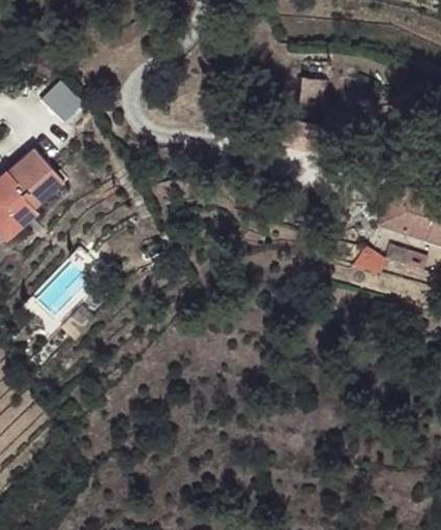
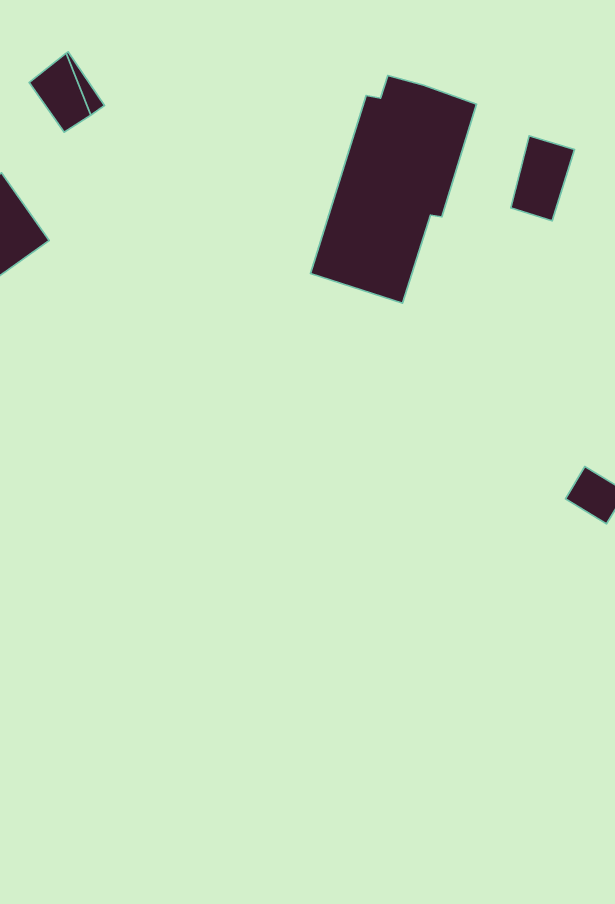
building: none -> [311,76,477,303]

